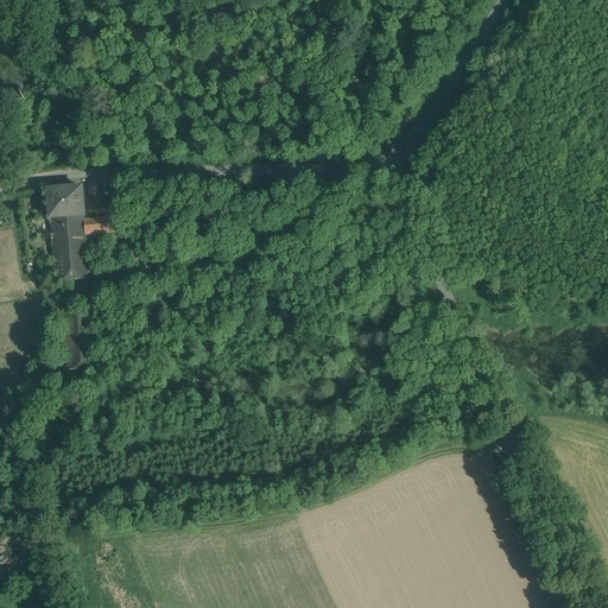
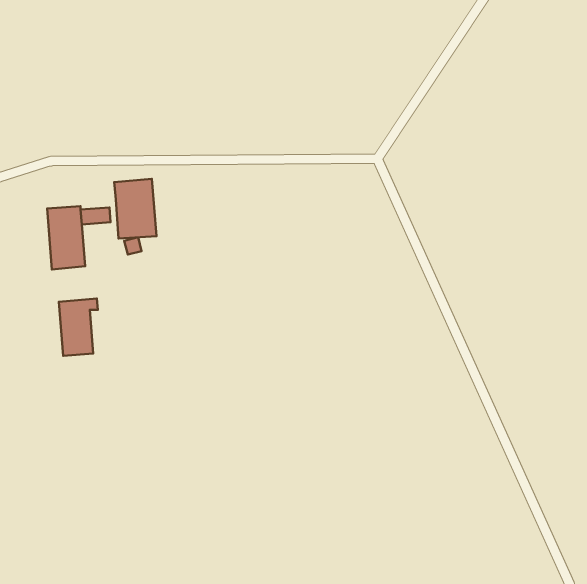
building: [46,184,83,215] -> none
building: none -> [114,179,156,238]

